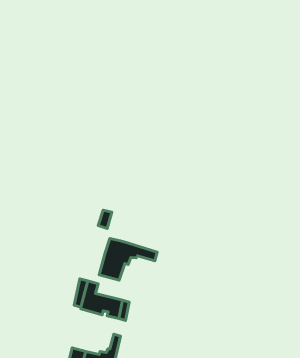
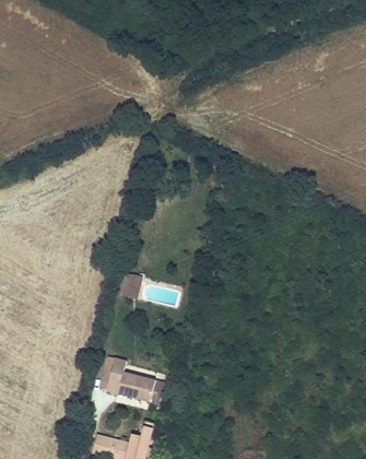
building: [99,238,157,280] -> none

